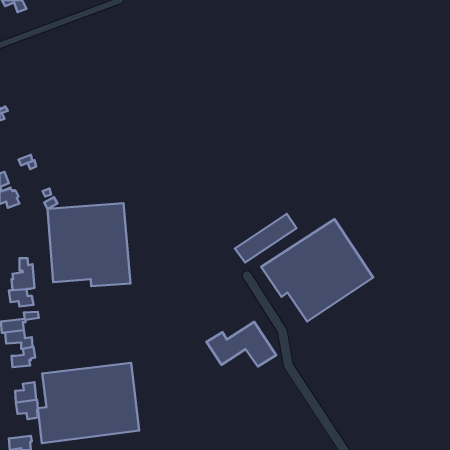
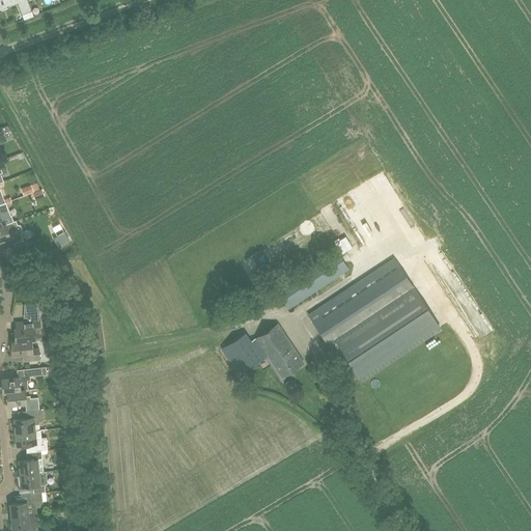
building: [48,203,130,286] -> none
building: [207,322,276,367] -> [221,324,303,376]
building: [38,363,139,443] -> none
building: none -> [15,430,47,451]
building: none -> [9,493,41,516]

